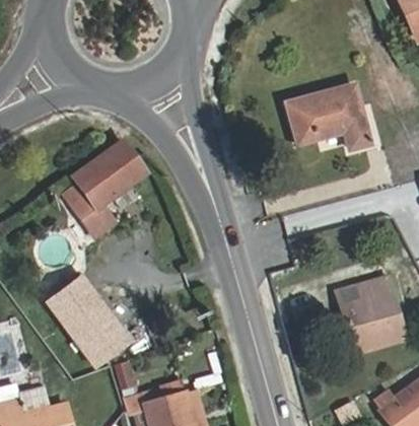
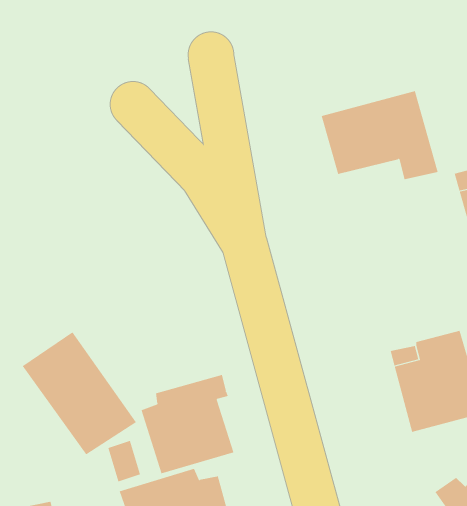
building: [61,136,151,233] -> none
building: none -> [141,374,234,474]

